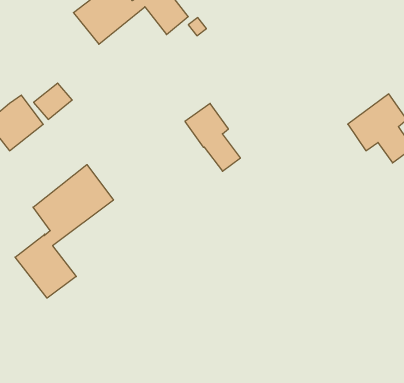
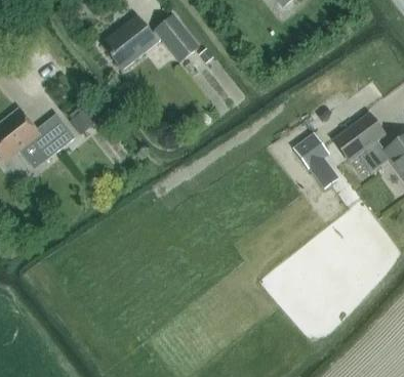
building: [185,103,240,171] -> [292,132,339,190]
building: [15,165,113,298] -> none

